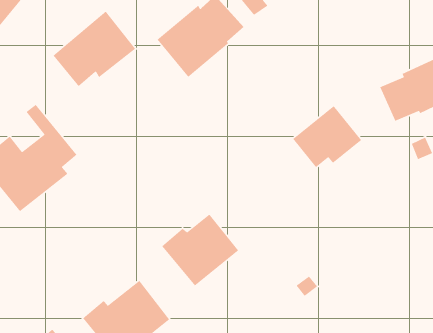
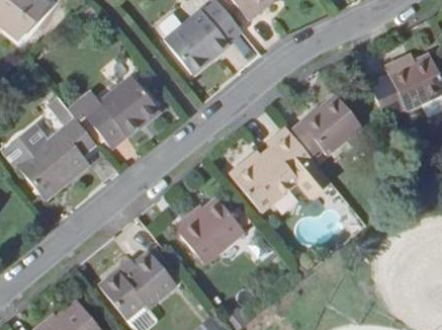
building: [53,10,136,87] -> [87,75,162,144]
building: none -> [235,127,331,208]

